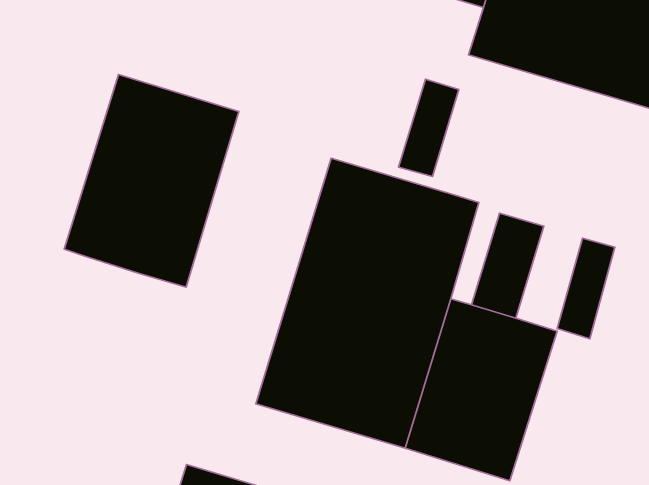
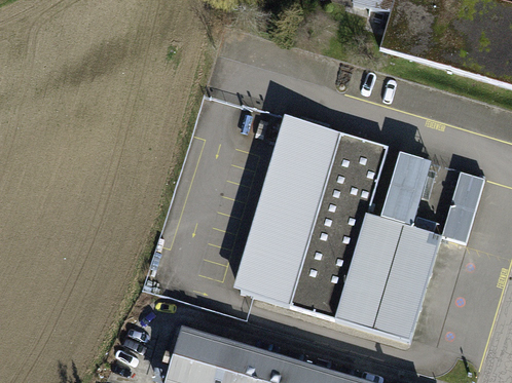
building: [64,74,239,287] -> none
building: [399,79,459,176] -> none

